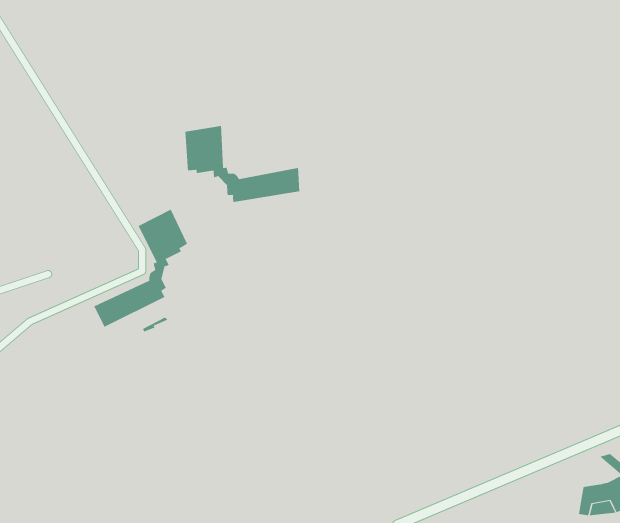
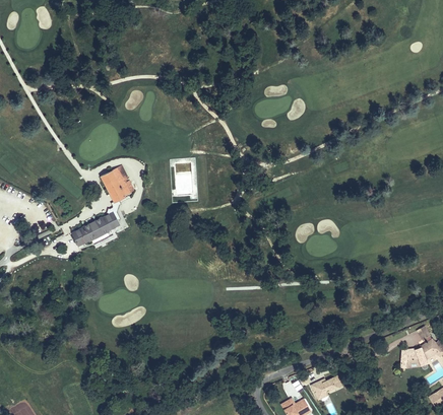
building: [185,125,300,203] -> none

